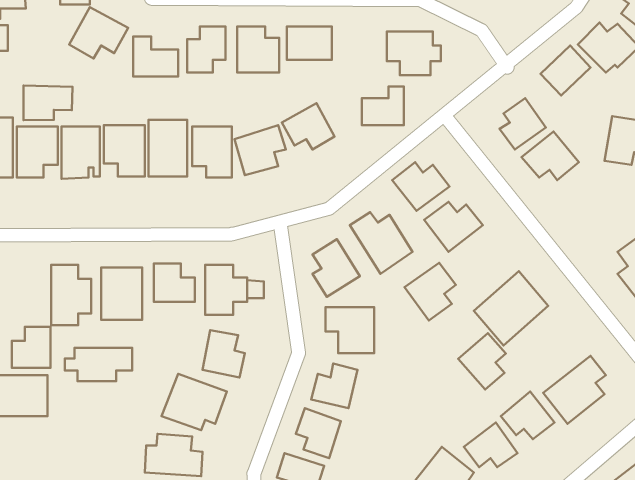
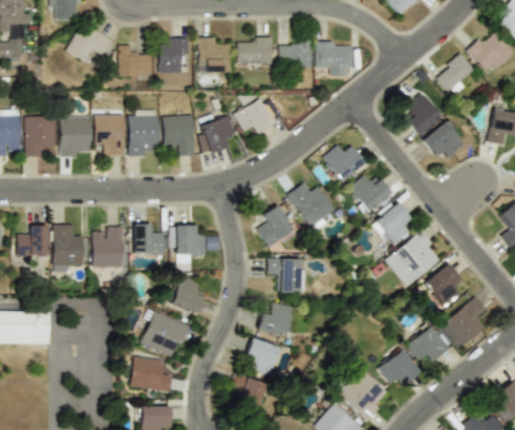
building: [23,85,73,120] -> none
building: [362,87,404,125] -> [279,37,312,67]
building: [404,263,456,321] -> [371,201,411,247]
building: [12,327,50,368] -> [17,225,47,257]
building: [458,333,506,390] -> [423,263,461,307]
building: [65,348,132,381] -> none

